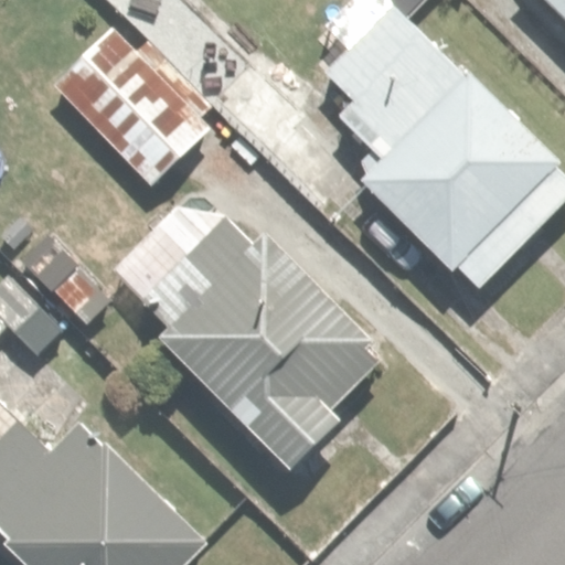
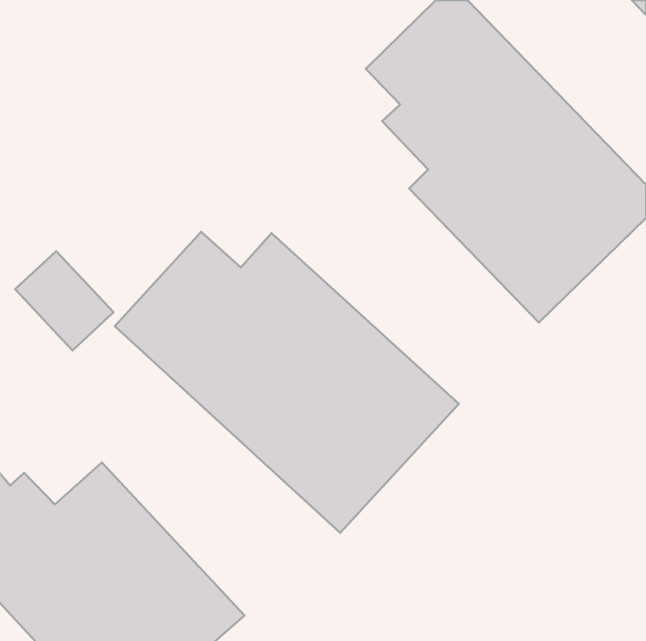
building: [50,22,217,189] -> none

